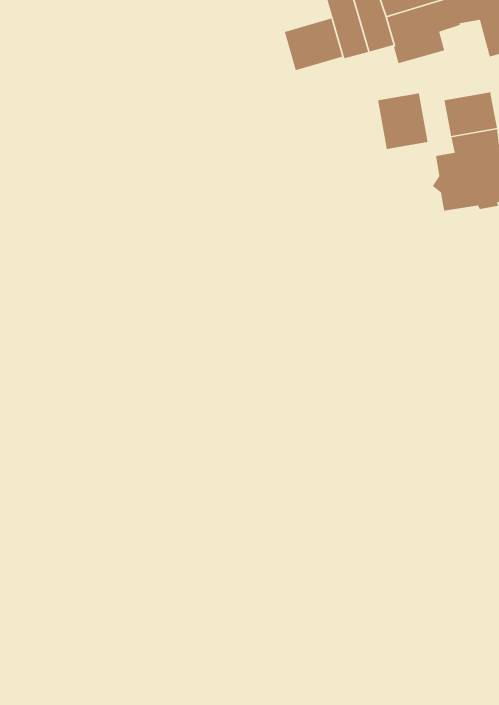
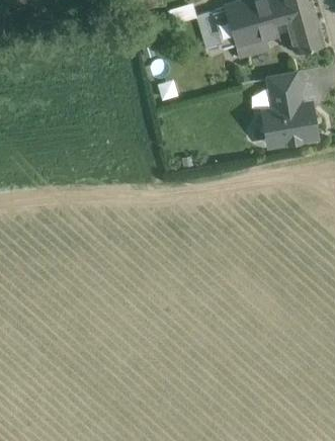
building: [284,17,343,71] -> none
building: [377,92,428,150] -> none

